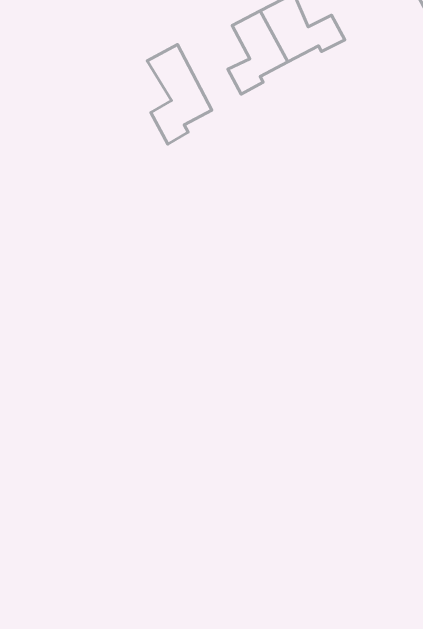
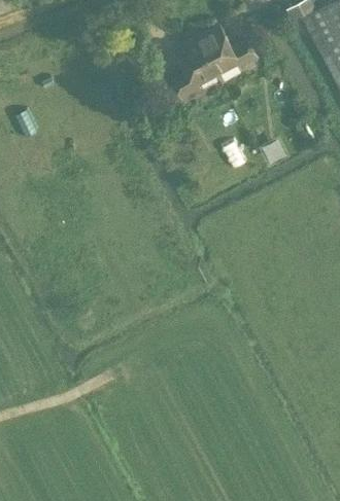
building: [147,44,212,144] -> none

